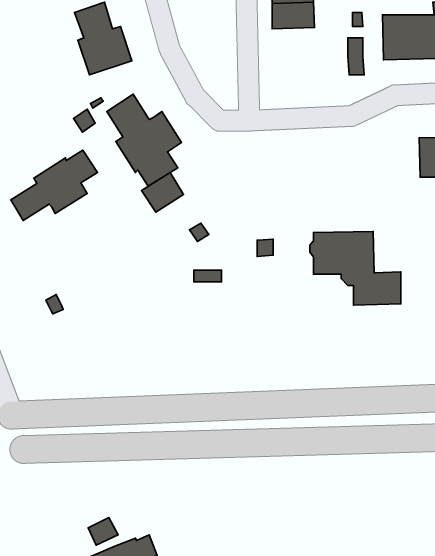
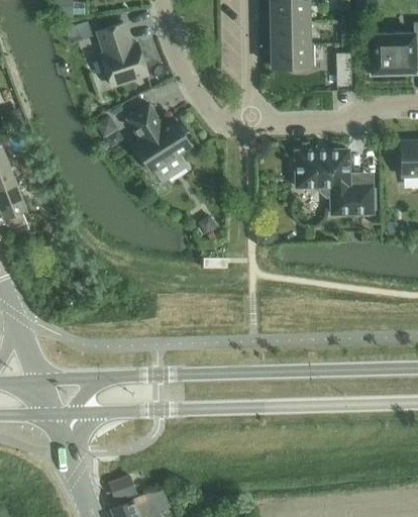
building: none -> [271,44,313,71]
building: [11,150,97,220] -> none
building: [142,173,184,212] -> none
building: [310,231,401,305] -> [292,149,372,214]

